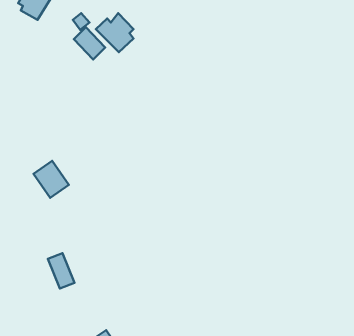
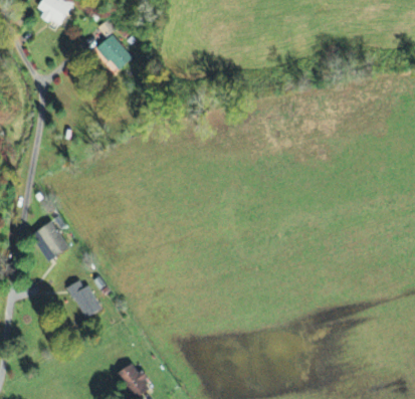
building: [96,13,134,52] -> none
building: [33,161,69,198] -> [31,221,69,261]

